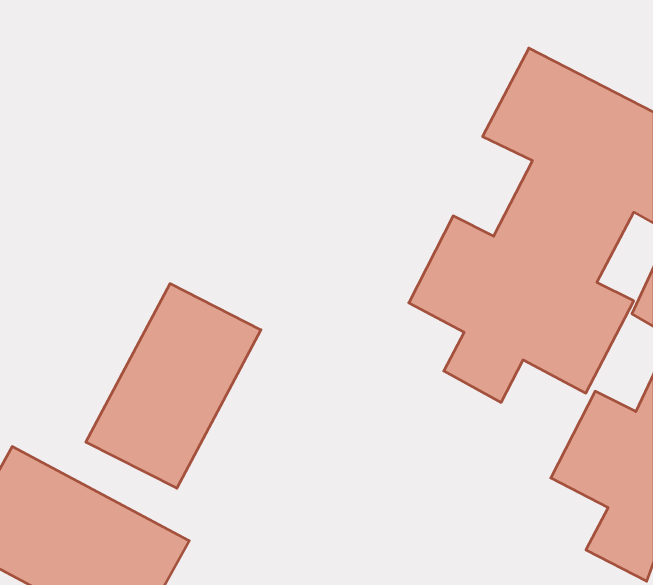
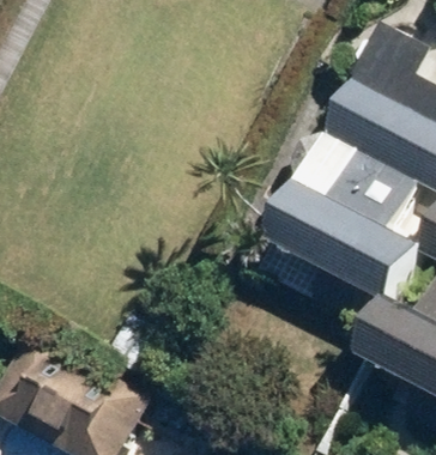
building: [86,284,261,488] -> none

